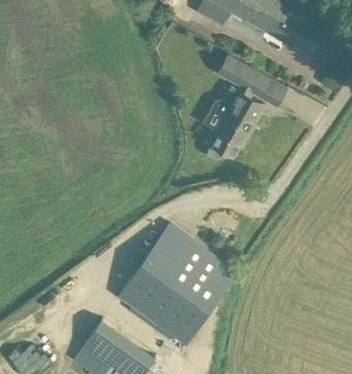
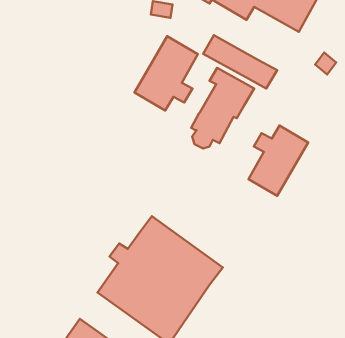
building: none -> [134,36,198,111]
building: none -> [248,125,308,196]

